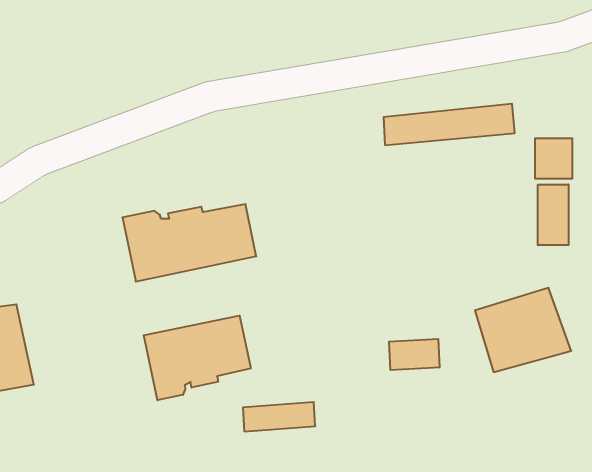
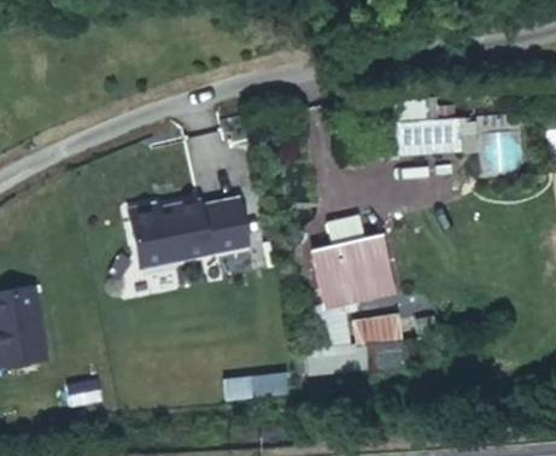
building: [538,184,569,245] -> none
building: [475,288,571,372] -> [311,235,398,311]
building: [144,316,251,400] -> none

